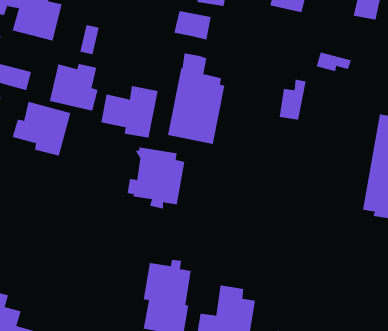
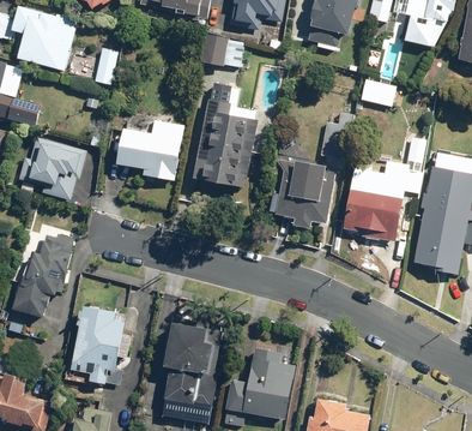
building: [49,63,98,112] -> none
building: none -> [341,169,419,261]
building: [127,147,185,209] -> [268,157,334,228]
building: none -> [16,234,72,317]
building: none -> [72,306,131,385]

